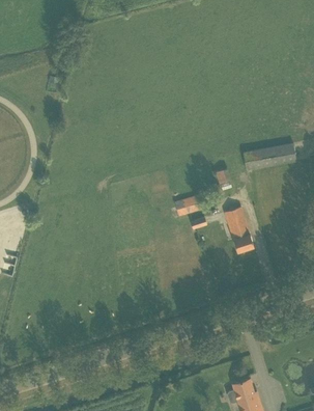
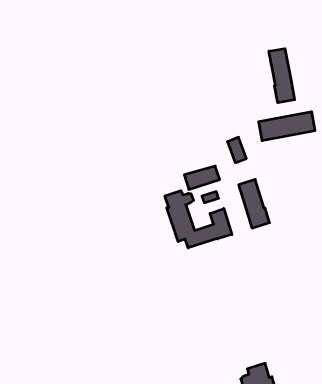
building: none -> [269,49,295,103]
building: none -> [165,191,232,248]

